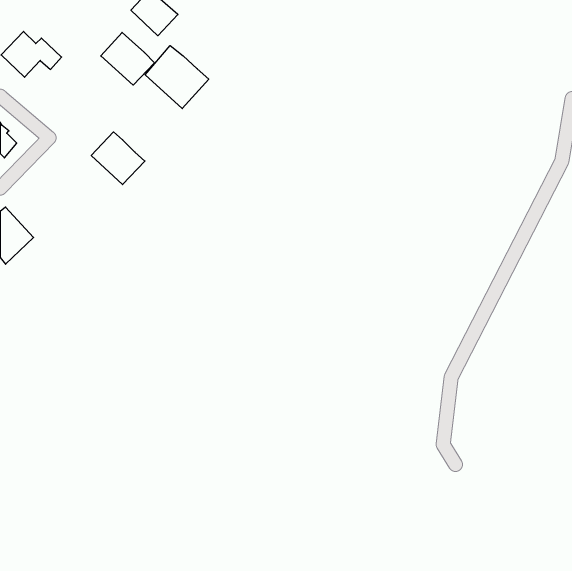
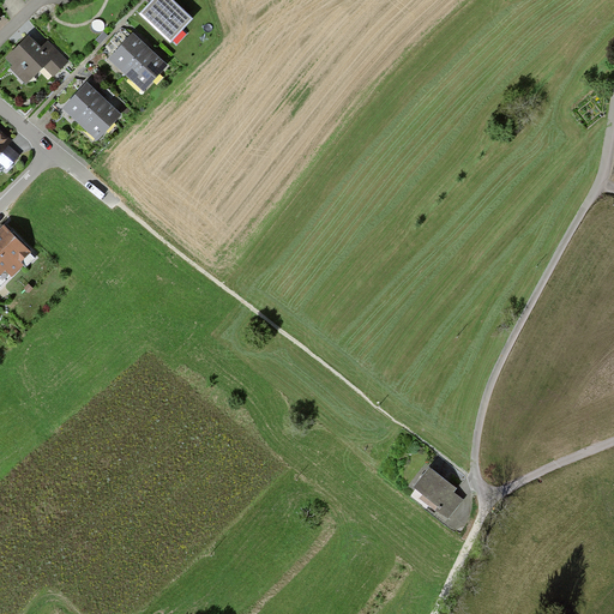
building: [145,46,209,109] -> none
building: [91,132,145,185] -> [62,84,120,140]
building: none -> [413,464,466,519]

